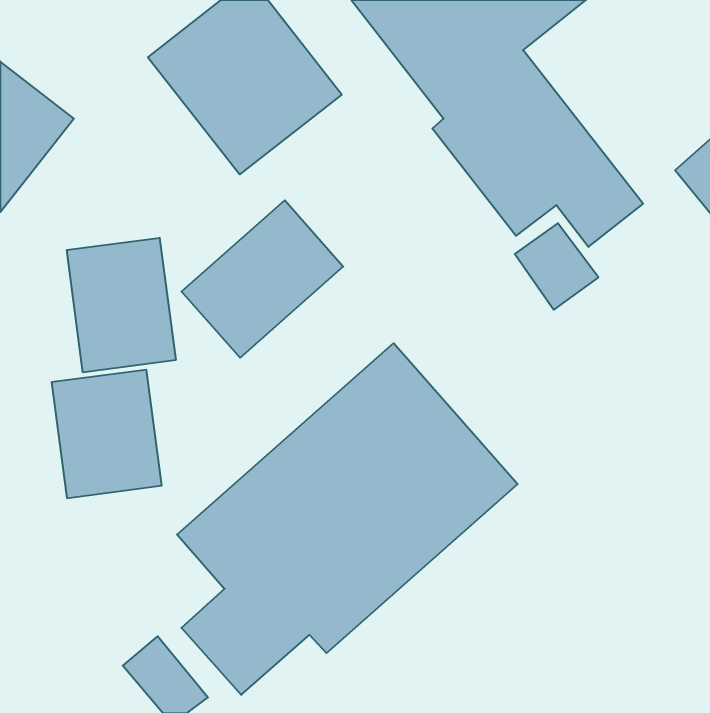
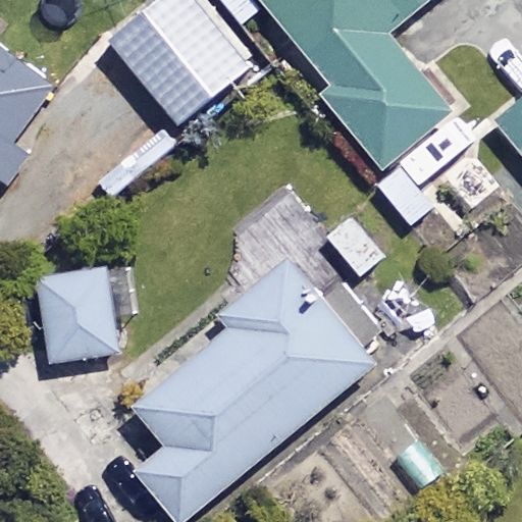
building: [181,200,343,358] -> none
building: [67,238,176,372] -> none

